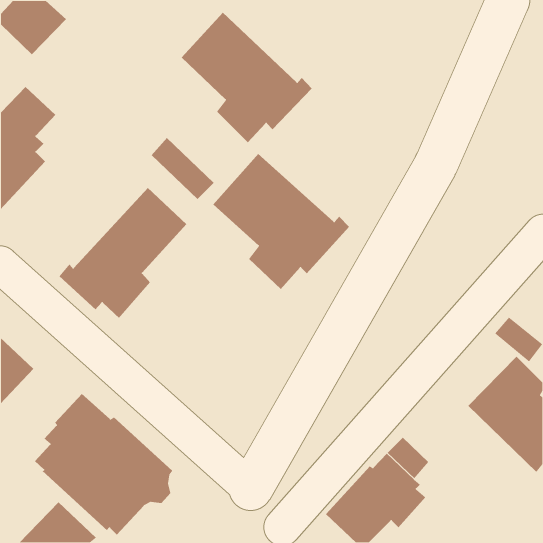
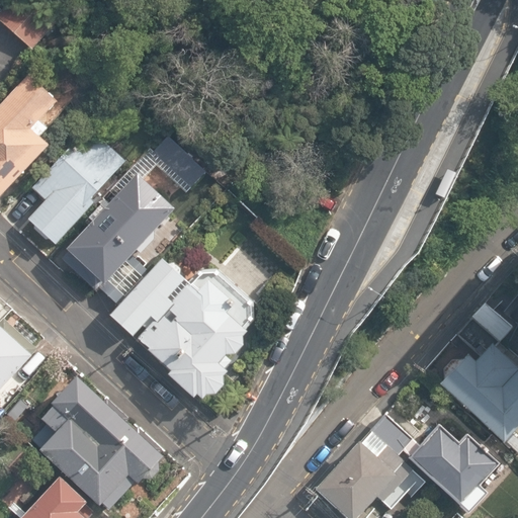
building: [181,12,312,143] -> none
building: none -> [26,127,124,246]
building: [213,153,350,290] -> none
building: none -> [108,259,253,399]
building: none -> [403,425,491,511]

